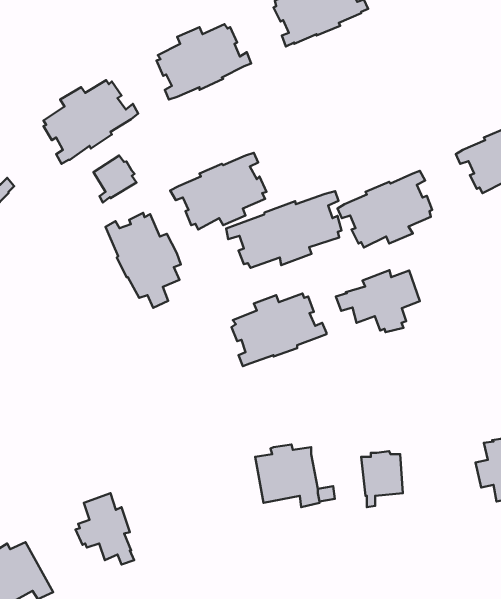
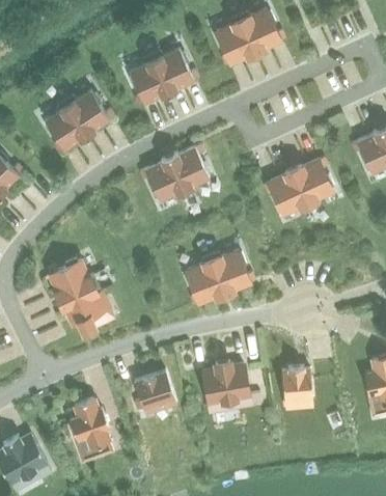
building: [94,155,137,202] -> none
building: [226,191,341,268] -> none
building: [106,213,181,308] -> [48,260,104,331]
building: [336,270,420,332] -> none
building: none -> [134,371,175,409]

